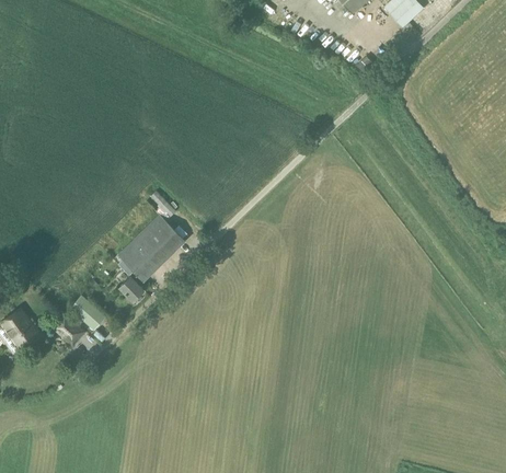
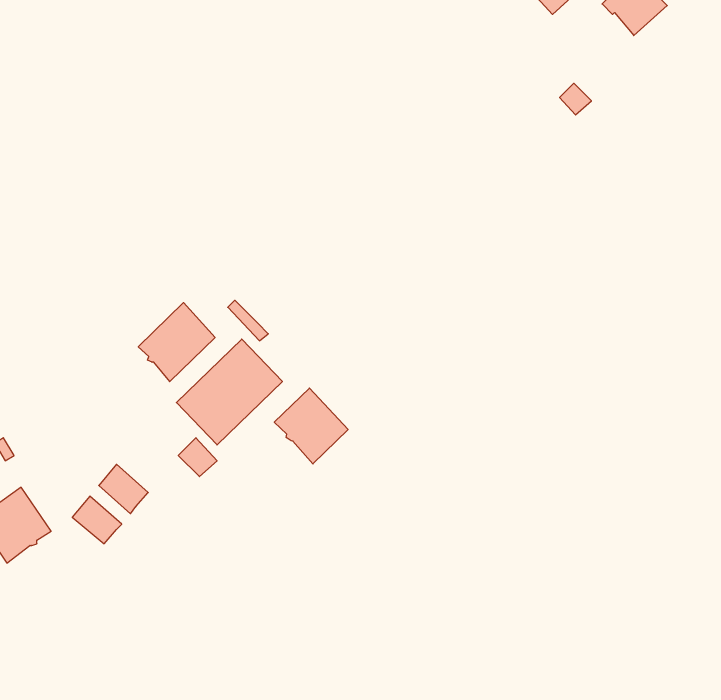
building: none -> [138,303,215,382]
building: none -> [274,388,348,464]

